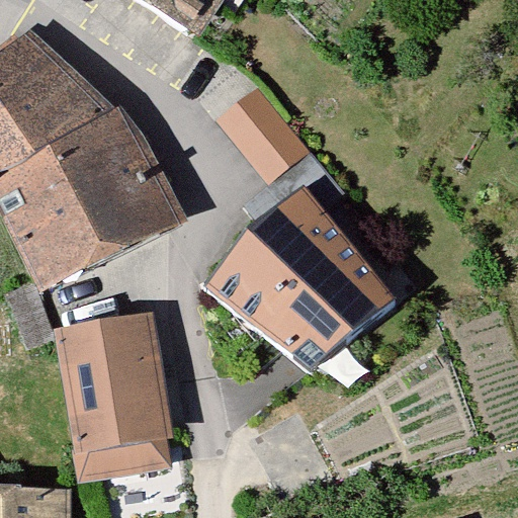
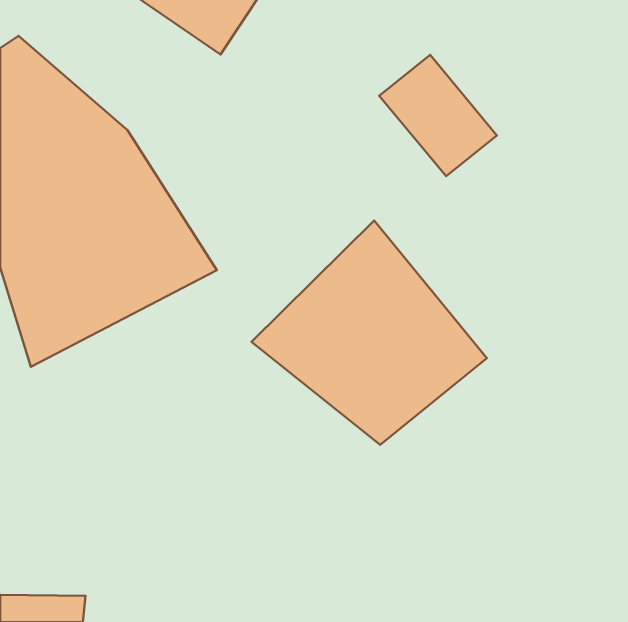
building: [222,81,318,180] -> [379,55,497,176]
building: [46,316,167,477] -> none

